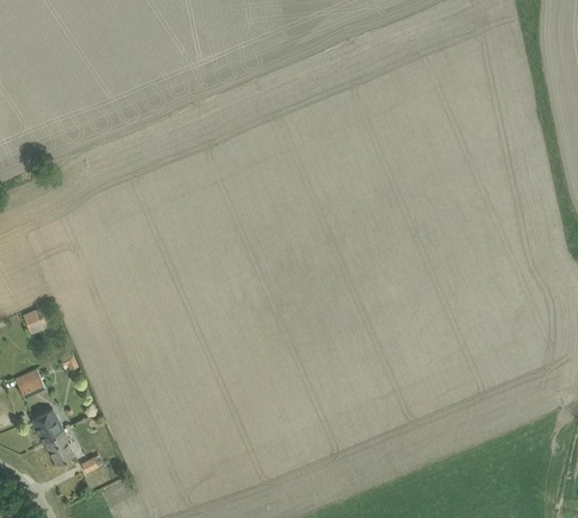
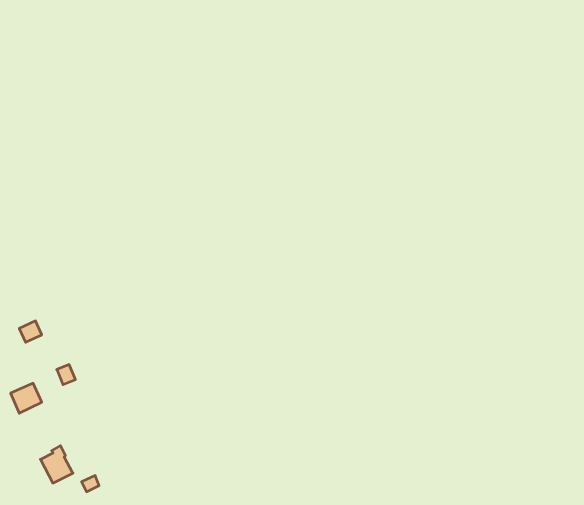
building: [31,407,62,441] -> none

